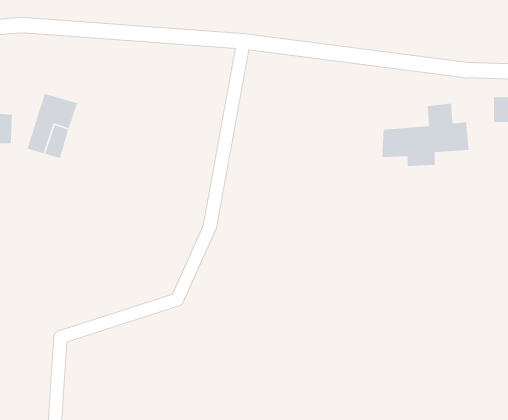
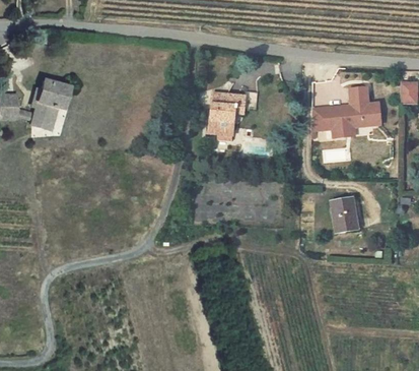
building: none -> [204,91,247,139]
building: none -> [331,196,359,233]

